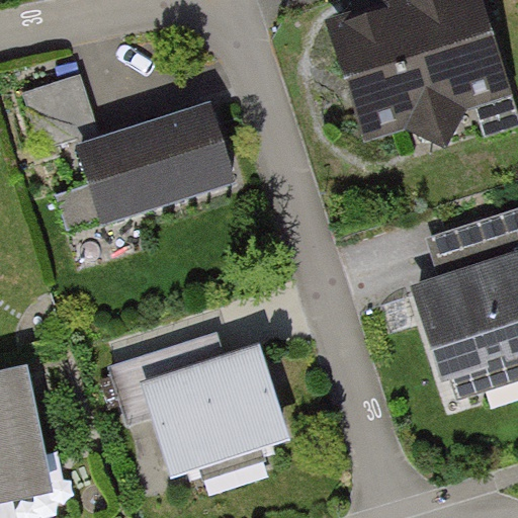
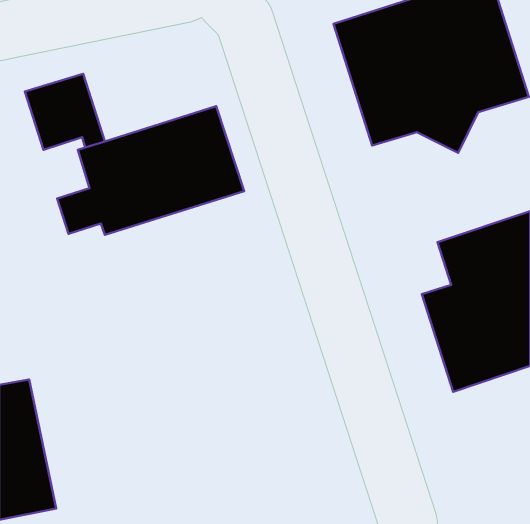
building: [108,330,293,480] -> none

